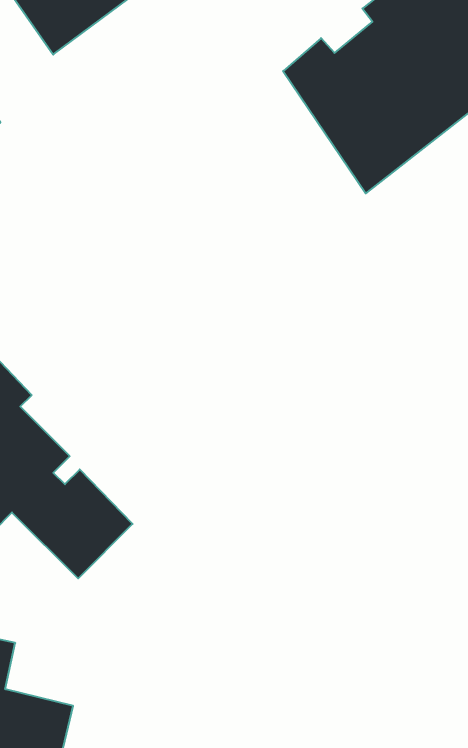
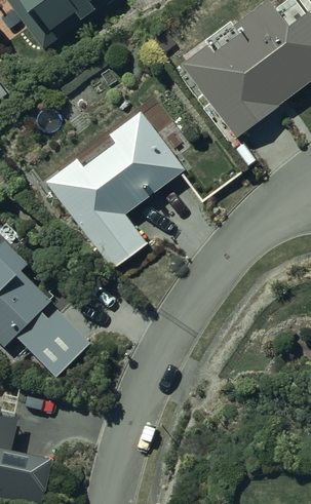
building: none -> [46,110,184,272]

